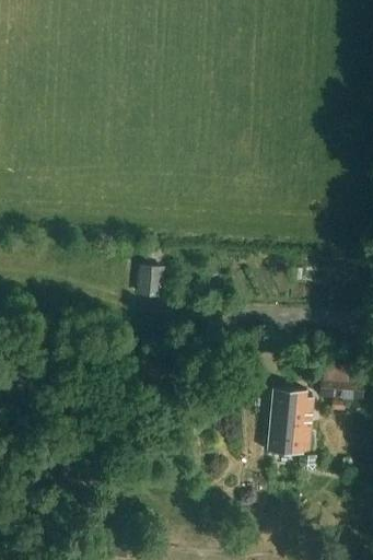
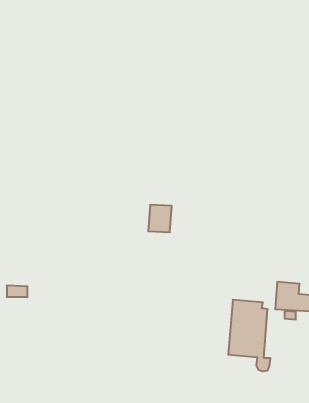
building: [137,267,164,299] -> [148,205,172,232]

